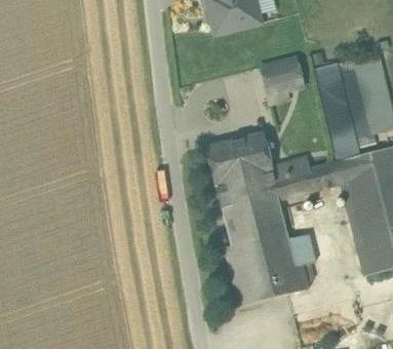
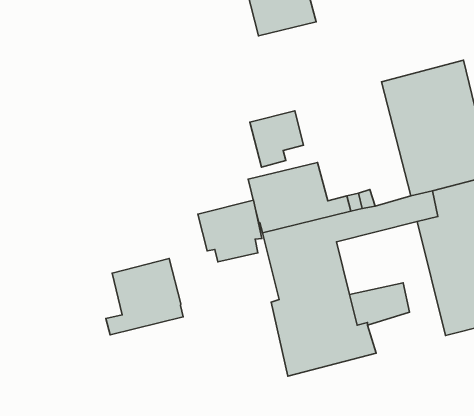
building: [261,56,304,102] -> [250,111,304,167]
building: none -> [198,200,262,262]
building: none -> [106,258,183,335]

